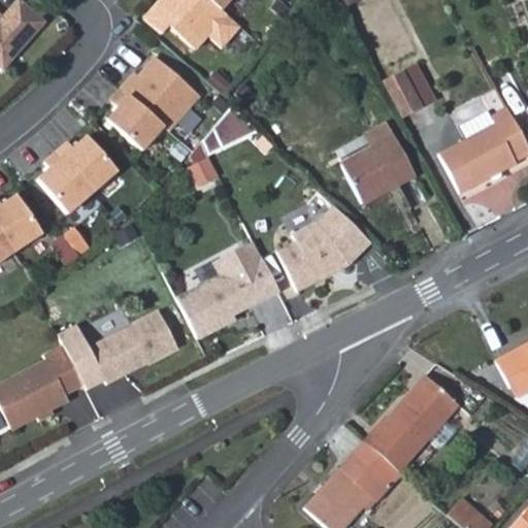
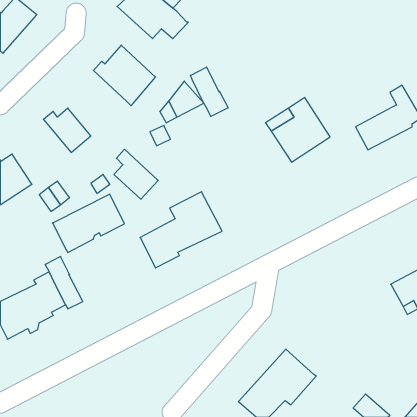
building: [384,63,438,119] -> none
building: none -> [190,67,228,116]
building: [106,89,162,152] -> [114,149,158,199]
building: [37,151,92,213] -> none
building: [280,204,363,289] -> none
building: [89,309,179,383] -> [52,194,124,252]
building: [362,375,456,471] -> none

